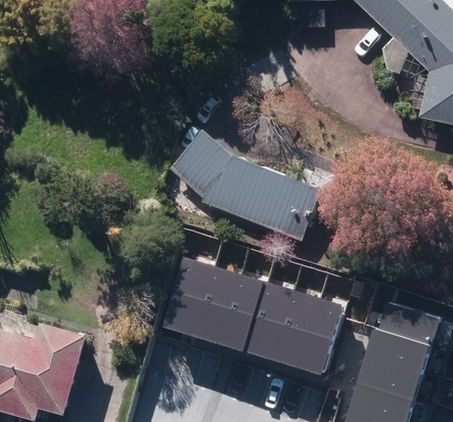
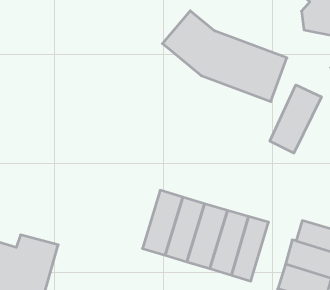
building: [171,130,322,241] -> [162,11,287,102]
building: none -> [270,85,321,153]
building: [161,257,212,337] -> none

